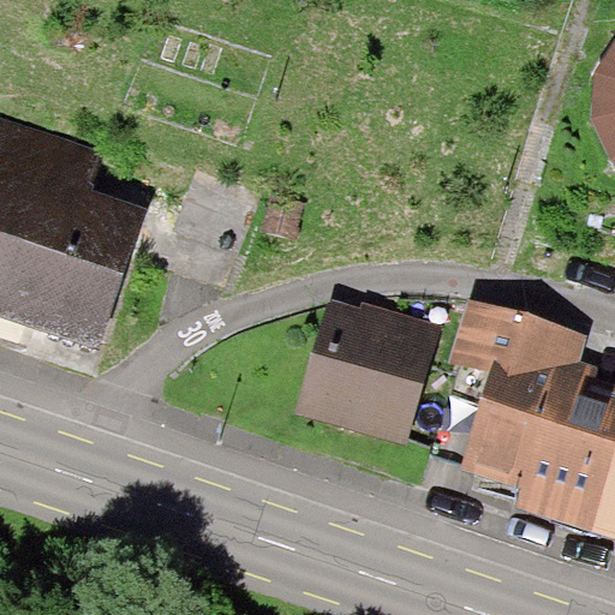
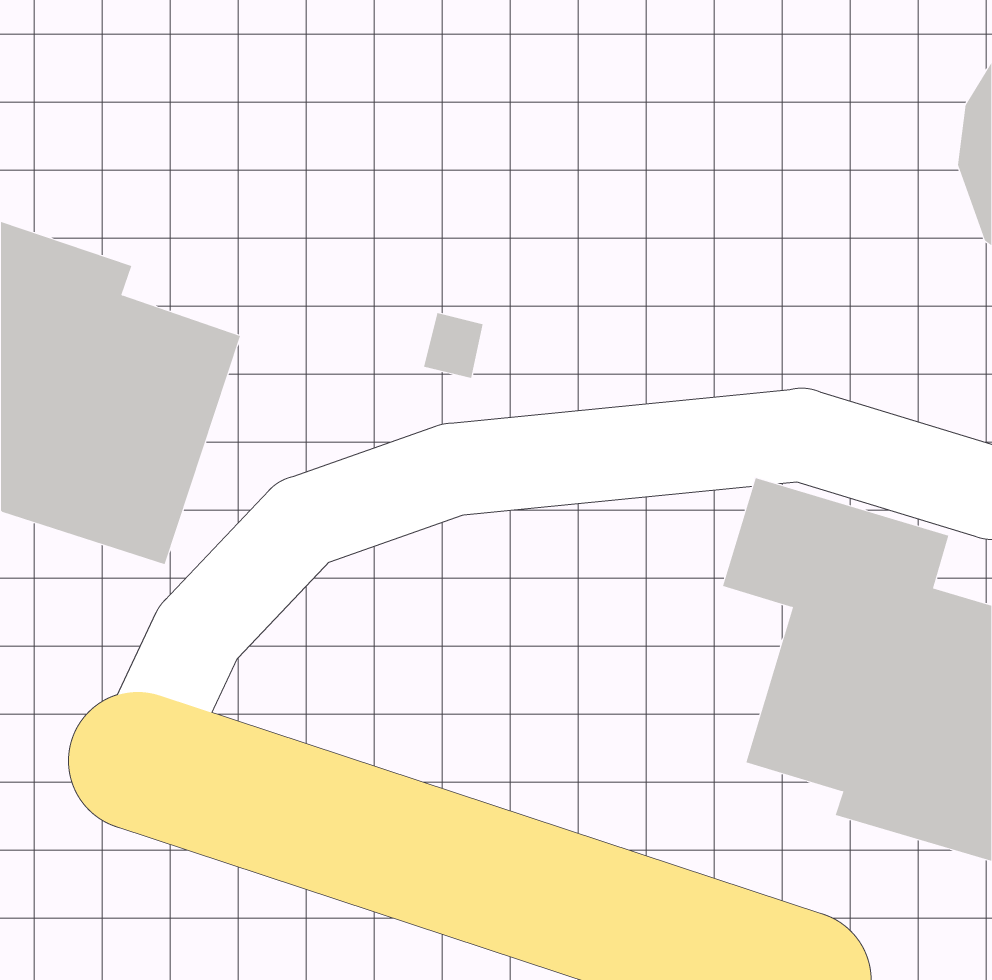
building: [295,306,435,438] -> none

